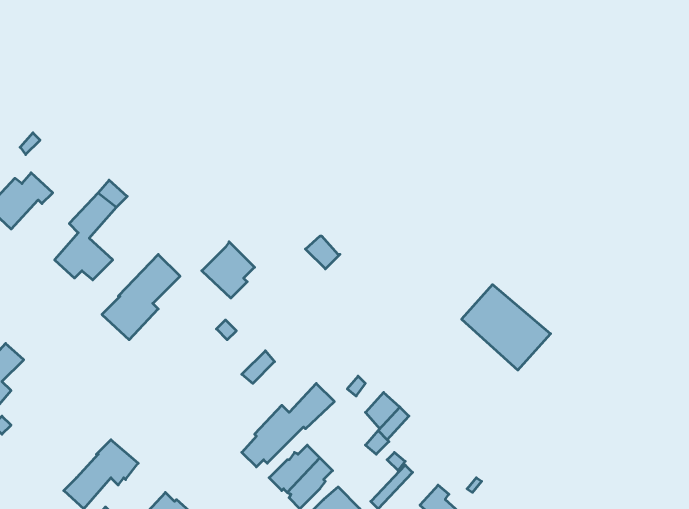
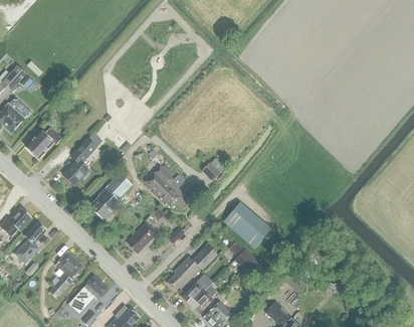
building: none -> [160,181,190,208]
building: [462,285,551,370] -> [223,199,272,247]
building: none -> [128,222,156,251]
building: none -> [49,251,82,297]

